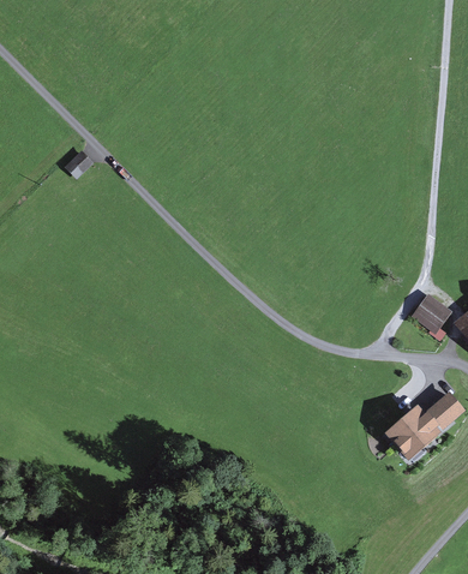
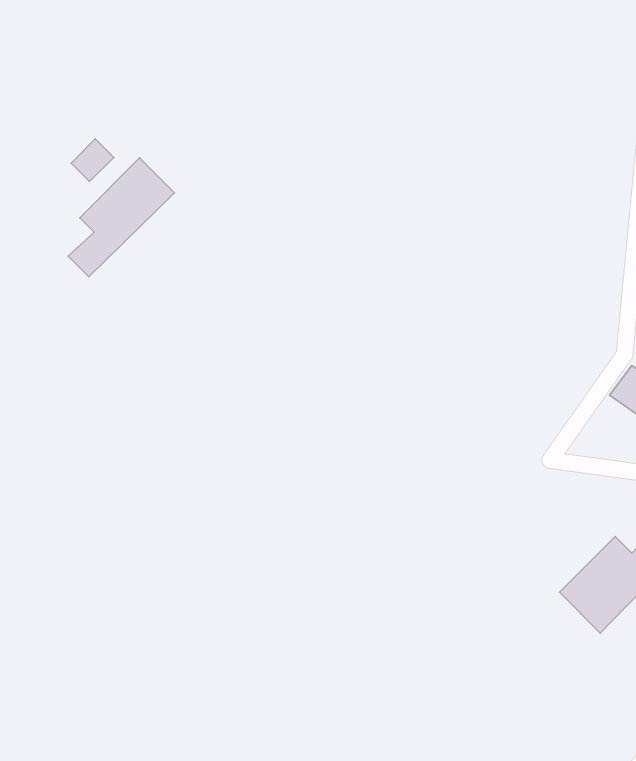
building: none -> [68,158,174,277]

